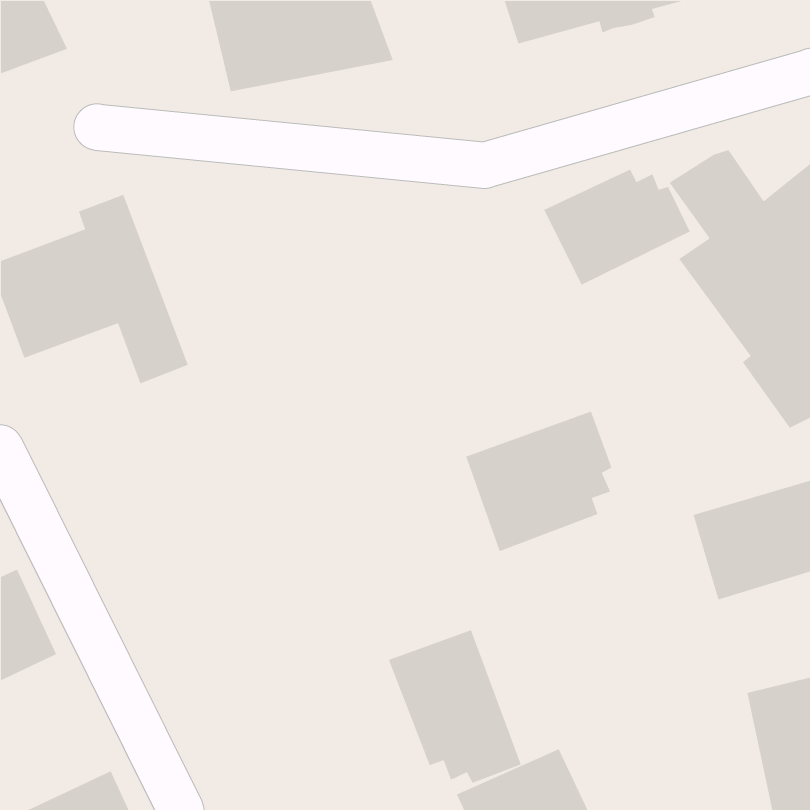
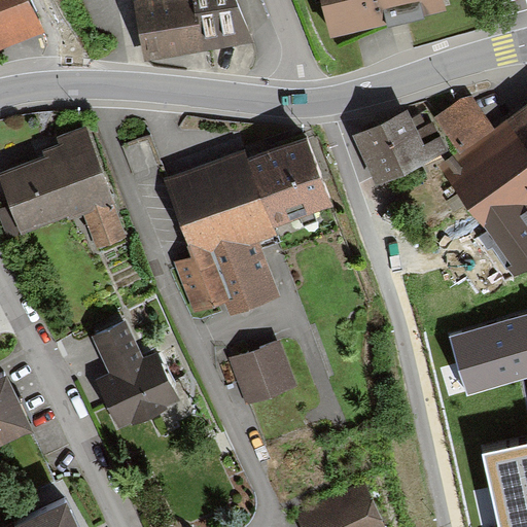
building: none -> [162,145,323,314]
building: [465,411,613,552] -> none
building: none -> [93,323,174,426]
building: none -> [230,342,289,401]
building: [388,629,522,784] -> none

